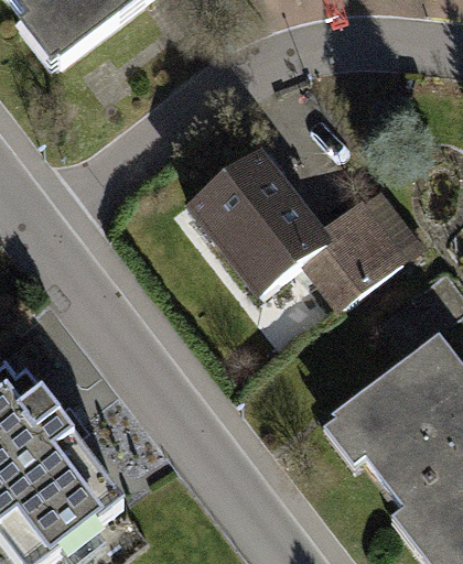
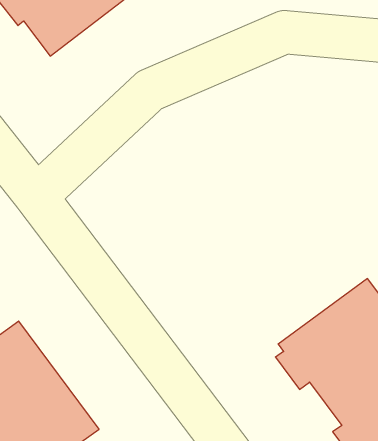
building: [192,147,419,307] -> none

